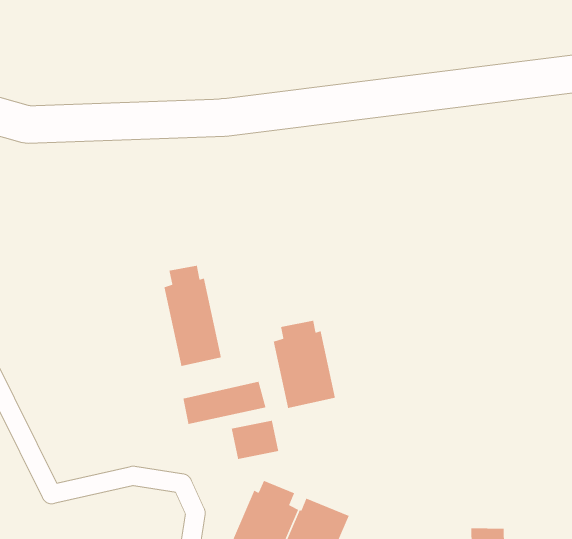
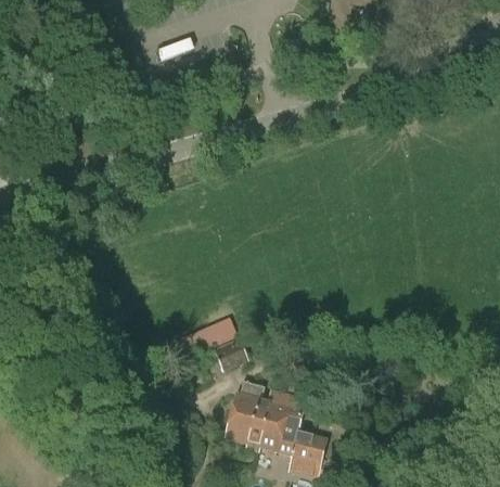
building: [163,265,222,367] -> none
building: [273,320,336,409] -> none

